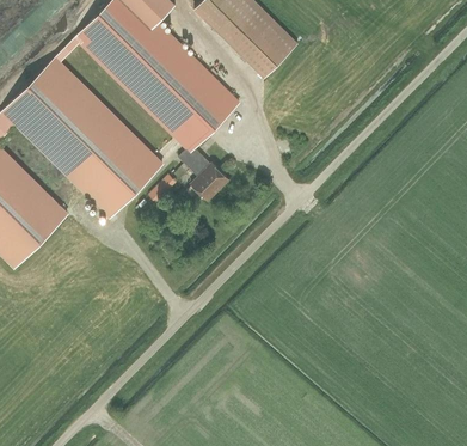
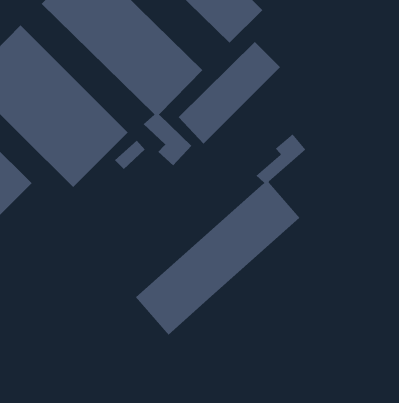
building: none -> [178,41,281,144]
building: none -> [135,134,306,335]

